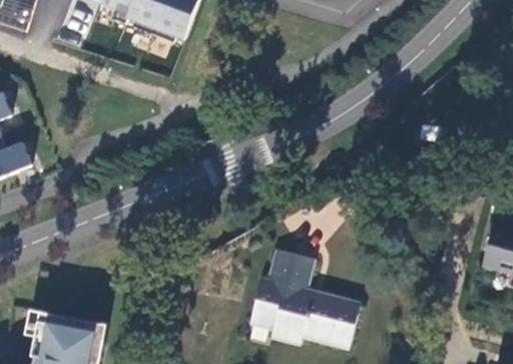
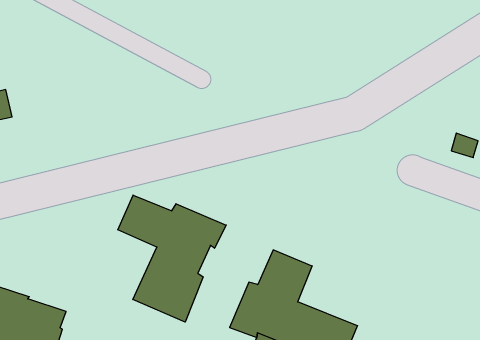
building: none -> [118,195,226,322]

